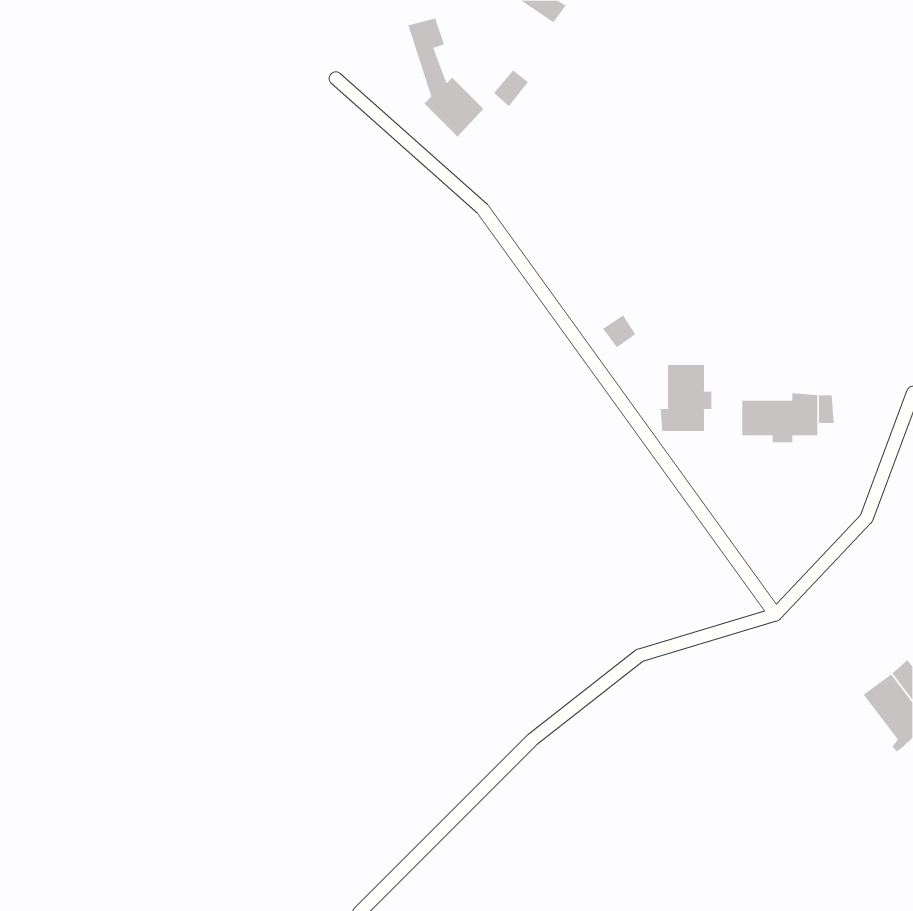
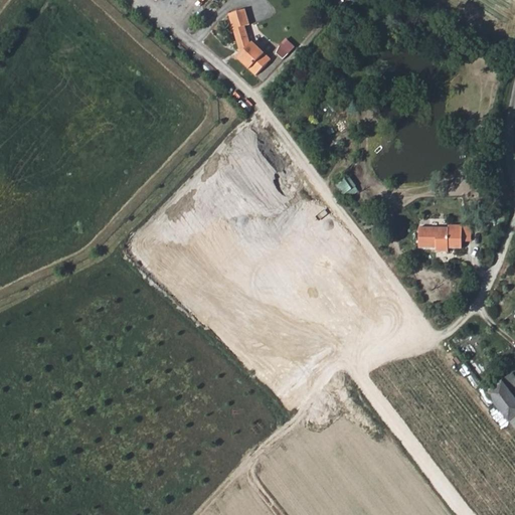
building: [660,364,712,432] -> none

